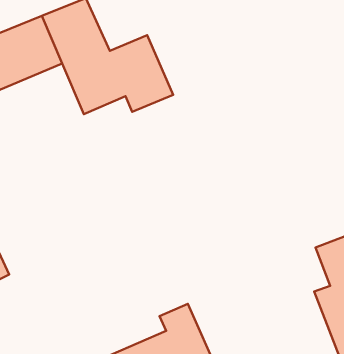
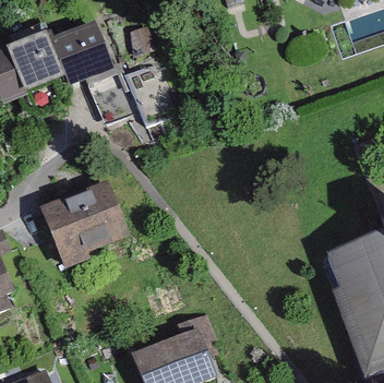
building: none -> [34,177,132,264]

